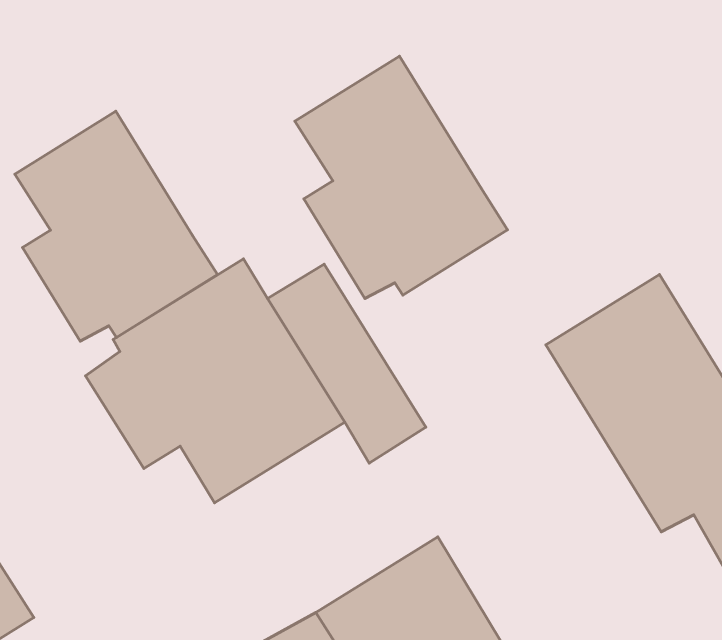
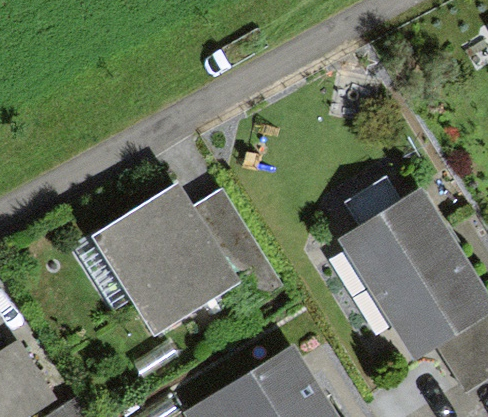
building: [295,56,507,298] -> none
building: [15,111,217,341] -> none

